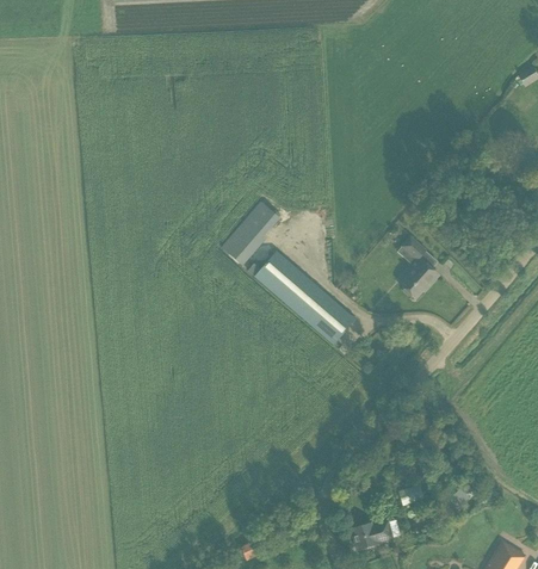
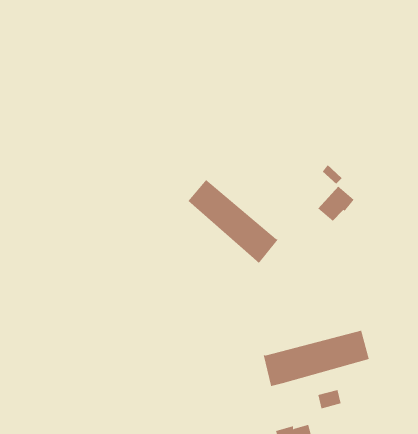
building: [221,200,280,265] -> none
building: none -> [263,330,369,387]

